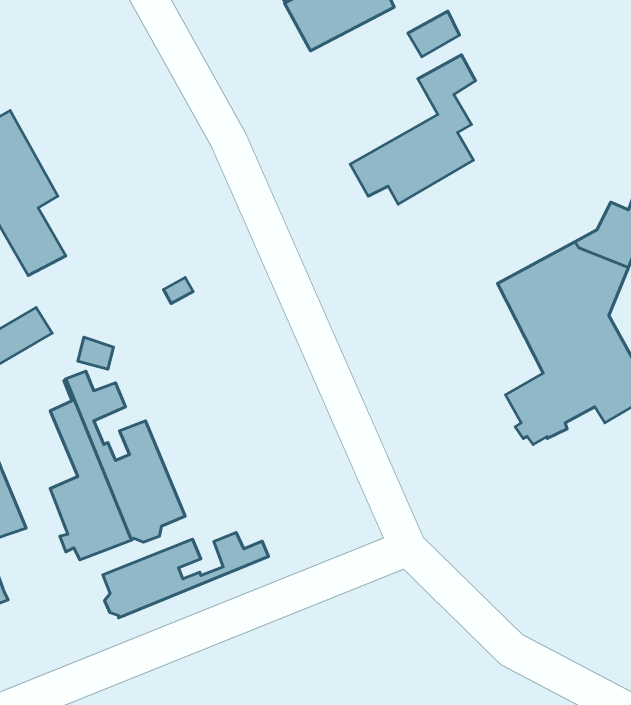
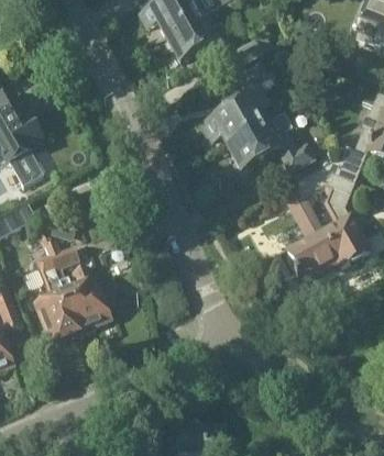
building: none -> [229,121,317,170]
building: [103,532,269,618] -> none

